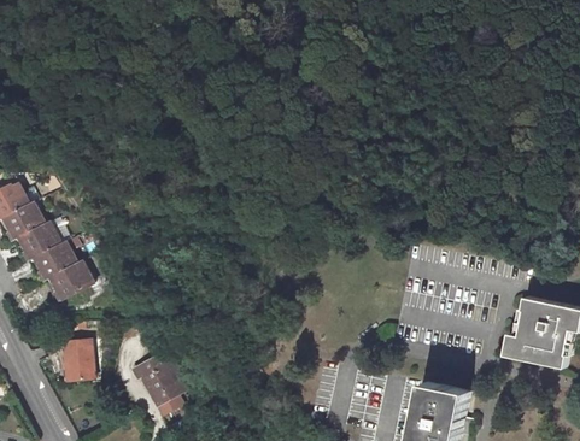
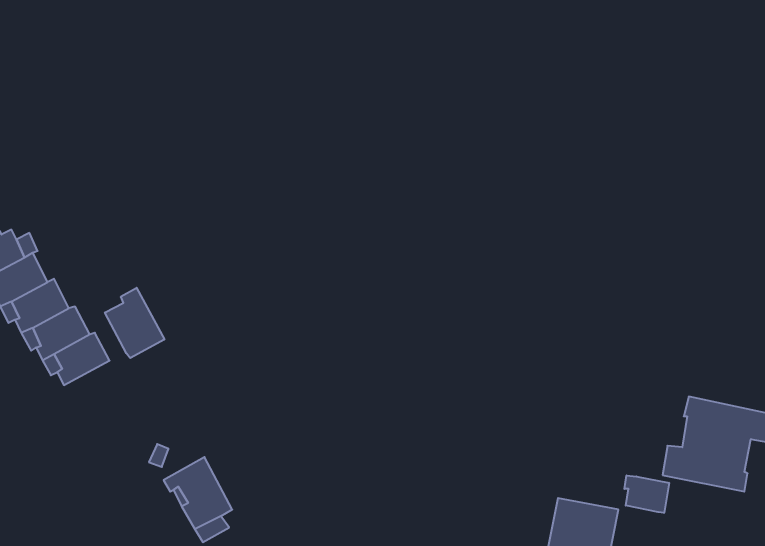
building: none -> [105,288,164,358]
building: [65,336,93,378] -> none
building: none -> [624,475,669,513]

